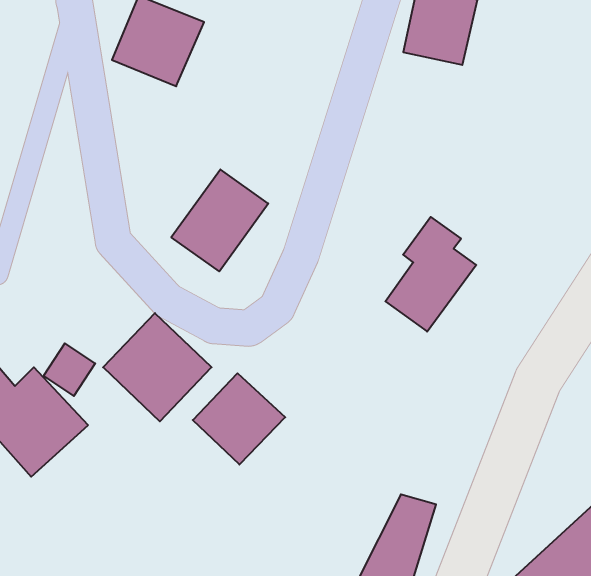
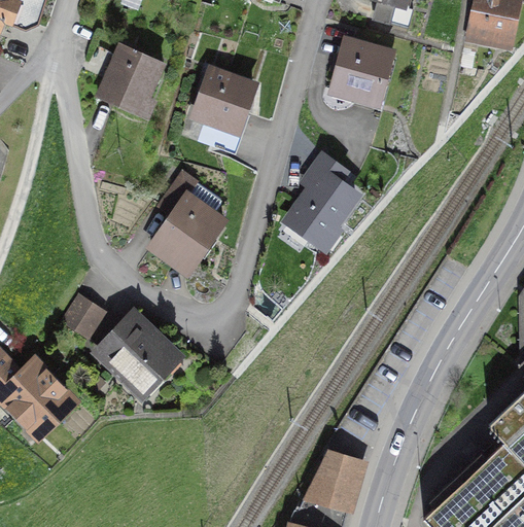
building: none -> [190,68,258,136]
building: [385,217,476,332] -> [285,150,359,244]
building: [44,343,95,396] -> [64,296,106,340]
building: [193,373,285,465] -> none

